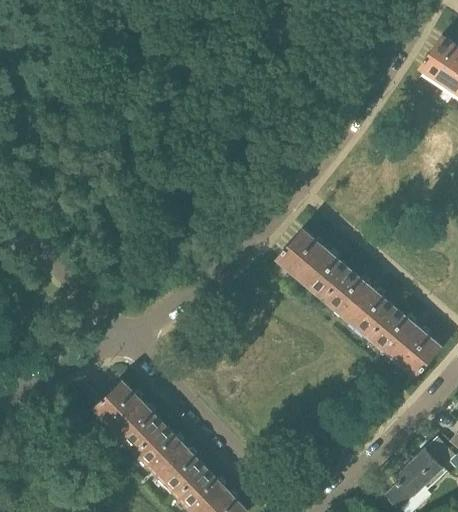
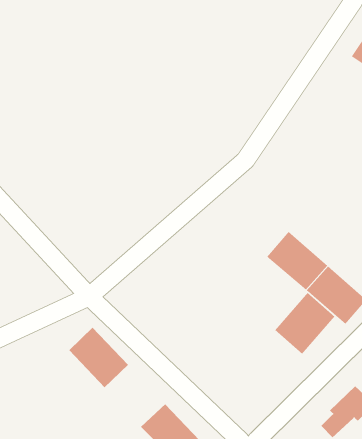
building: [277,229,348,299] -> none
building: none -> [274,292,336,355]
building: [135,424,205,496] -> none

